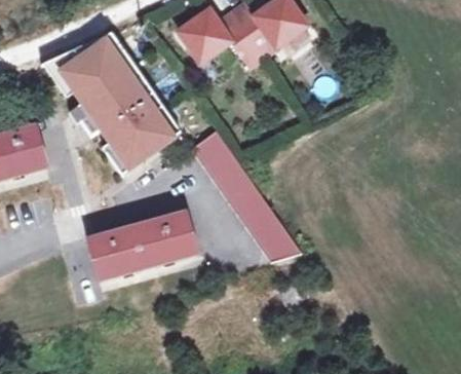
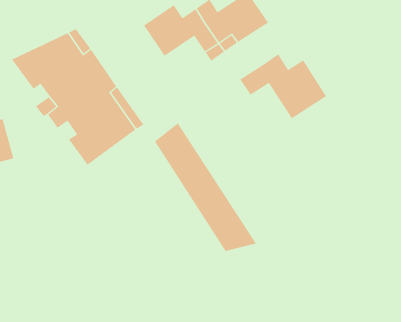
building: none -> [240,53,327,119]
building: [88,212,198,279] -> none

